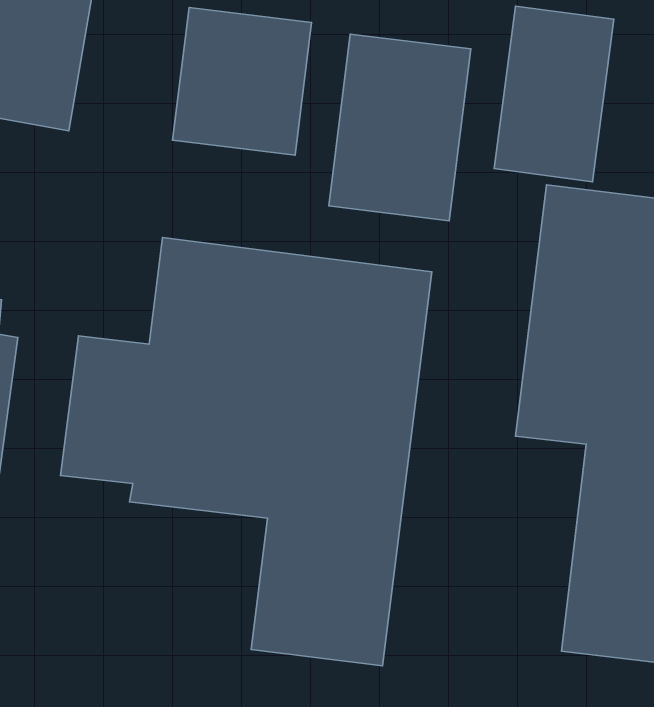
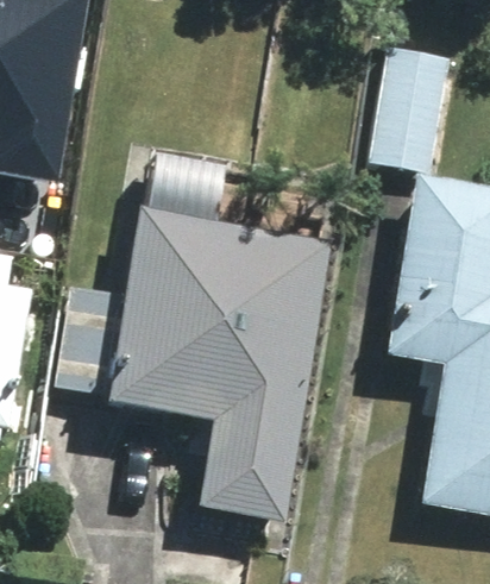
building: [173,7,312,155] -> none
building: [329,34,471,221] -> none

